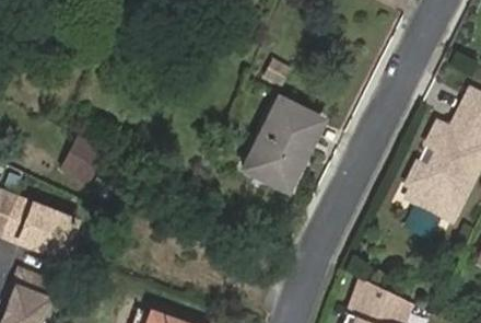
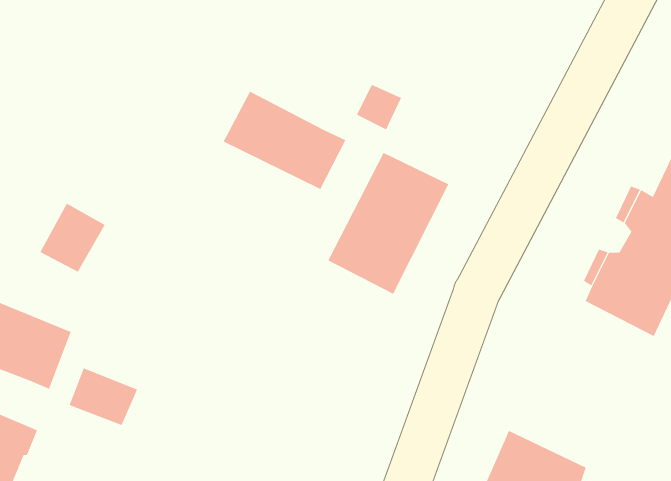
building: none -> [223,91,346,190]
building: none -> [69,368,138,426]

